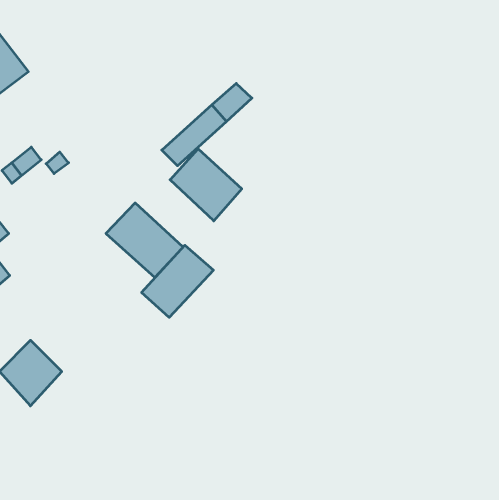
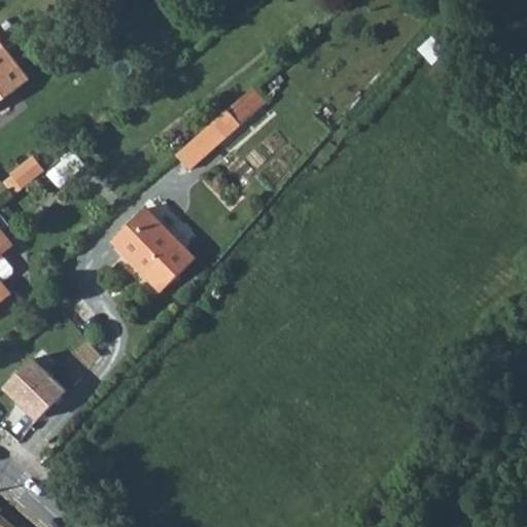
building: [170,149,242,221] -> none
building: [142,245,213,317] -> none

